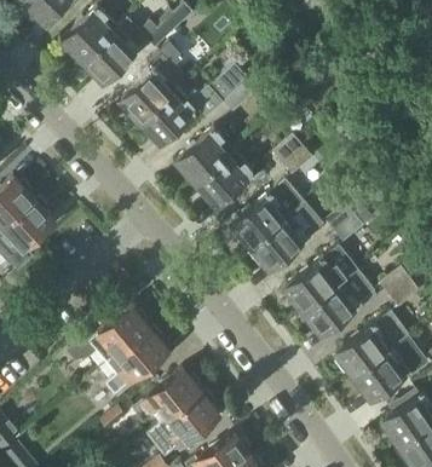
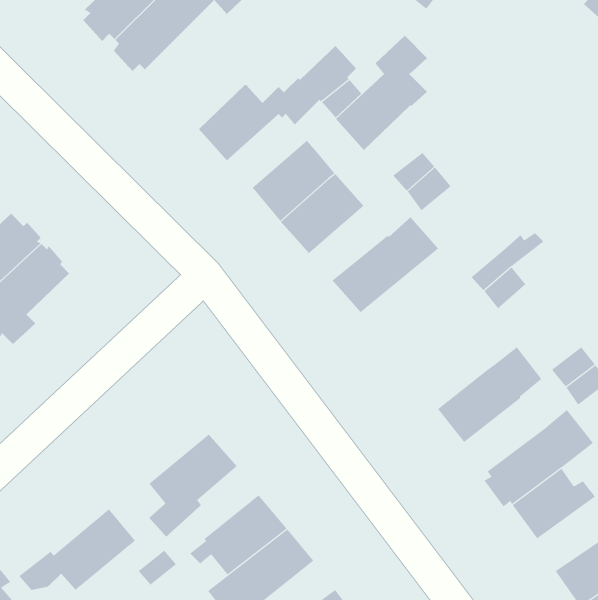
building: [122,44,185,122] -> [335,35,428,151]
building: [252,203,323,270] -> none
building: [284,247,358,313] -> none
building: [69,307,149,363] -> [18,508,136,590]

